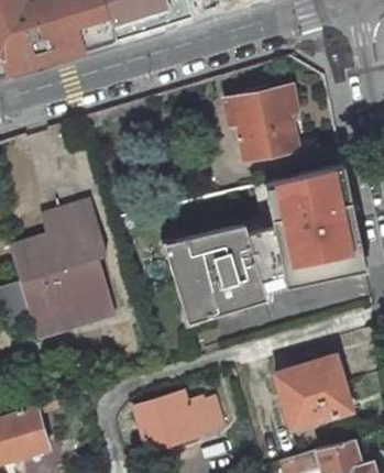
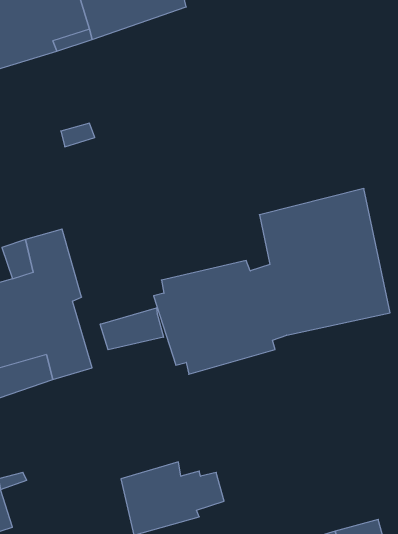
building: [224,84,296,156] -> none
building: none -> [100,308,164,350]
building: [277,359,343,426] -> none

